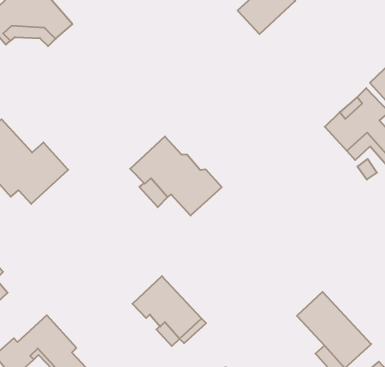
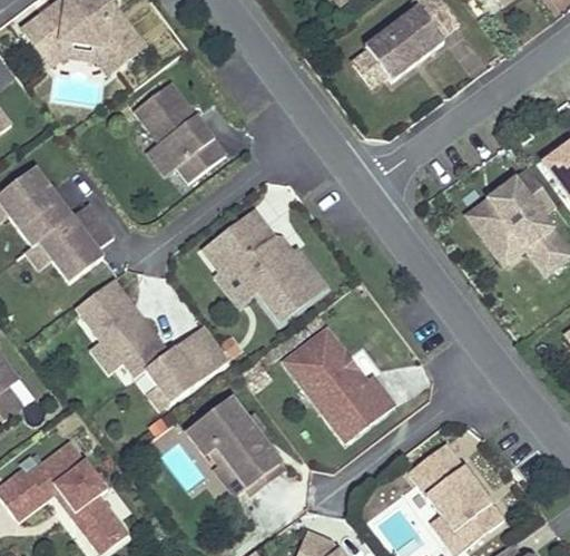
building: none -> [131,80,225,182]
building: none -> [73,279,228,402]
building: none -> [282,328,393,441]

